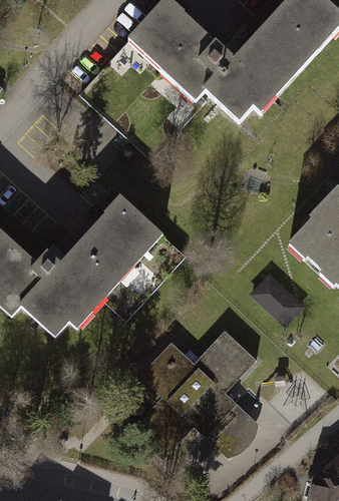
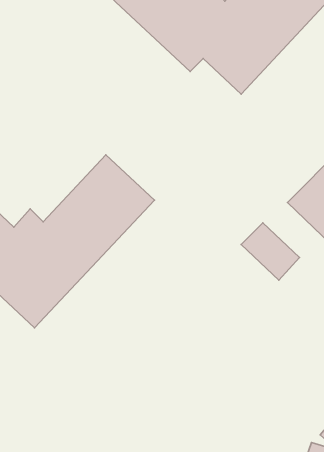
building: [135,324,257,452] -> none

